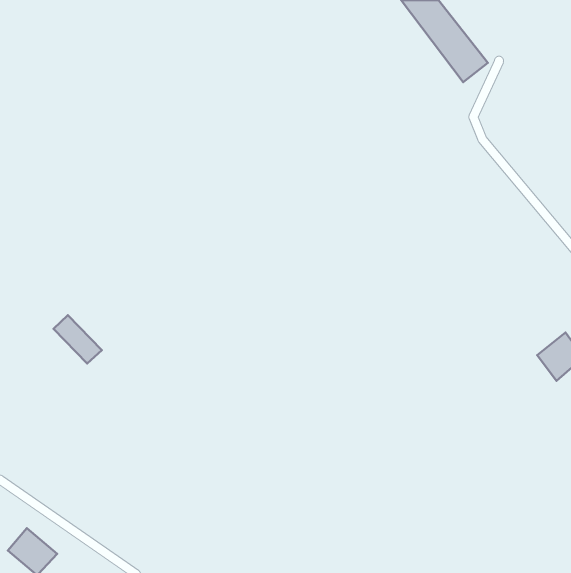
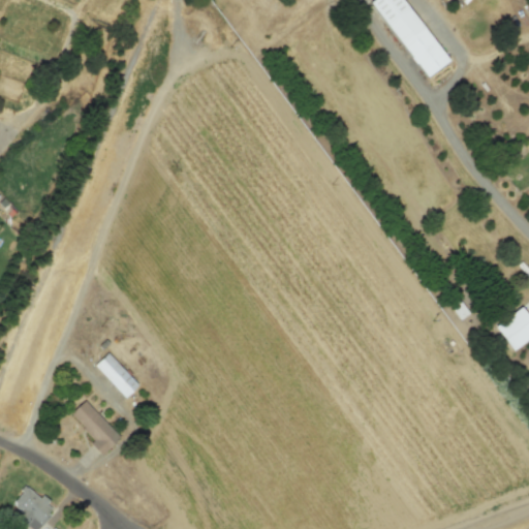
building: [53,315,102,364] -> [95,353,139,398]
building: none -> [71,401,122,456]

